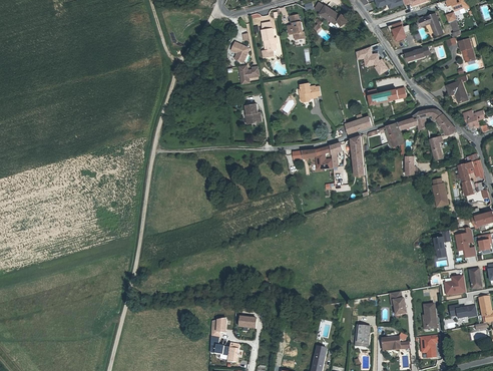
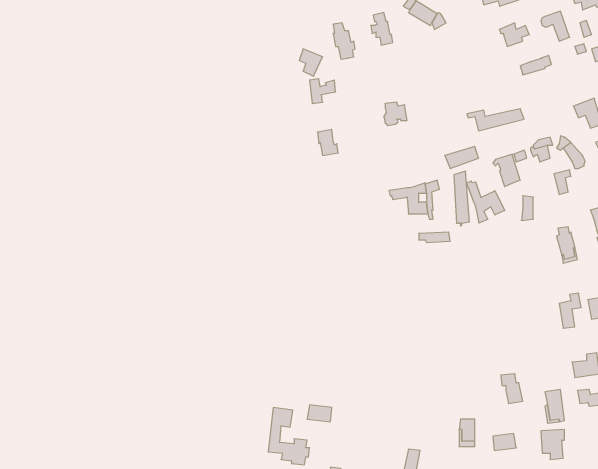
building: [355,46,388,74] -> none
building: none -> [466,181,505,223]

